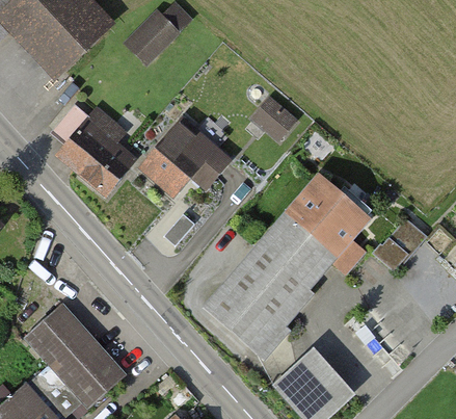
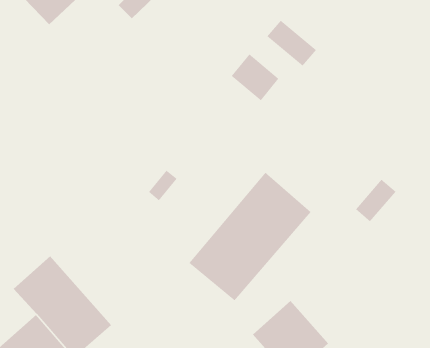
building: none -> [266,20,317,67]
building: [55,107,137,195] -> none
building: [140,119,231,195] -> none
building: [285,178,367,264] -> none

